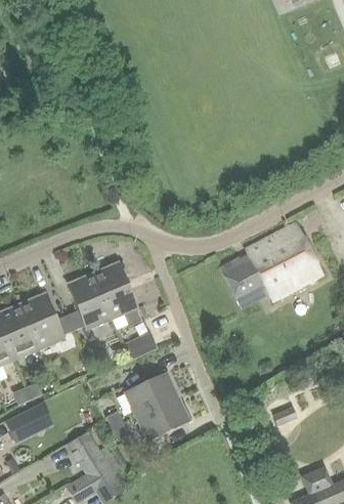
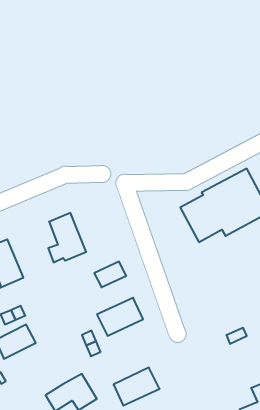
building: [93,263,142,329] -> none
building: [20,293,74,348] -> none
building: [136,396,189,440] -> [114,368,160,406]
building: [67,431,113,472] -> none

